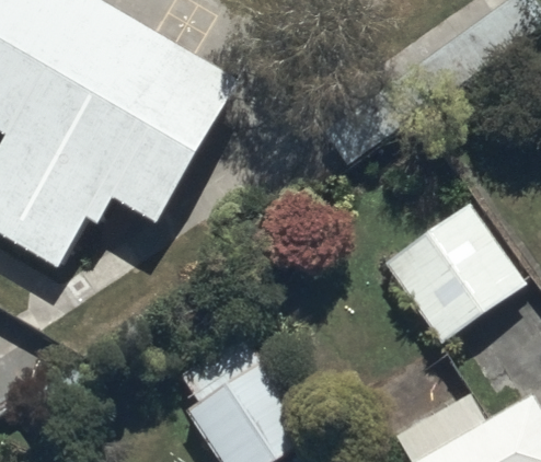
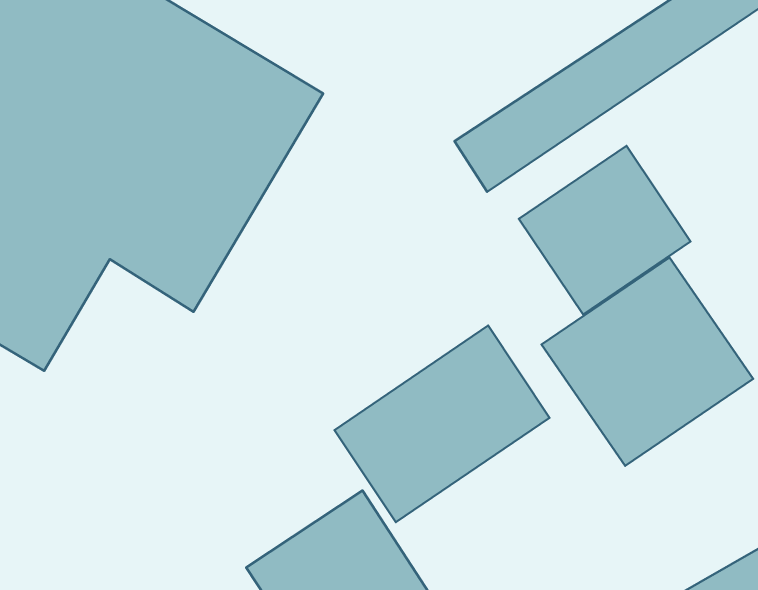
building: none -> [519,146,691,315]
building: none -> [334,326,549,522]

